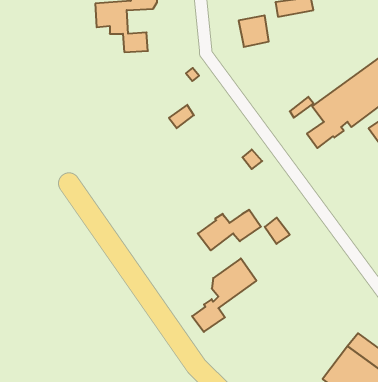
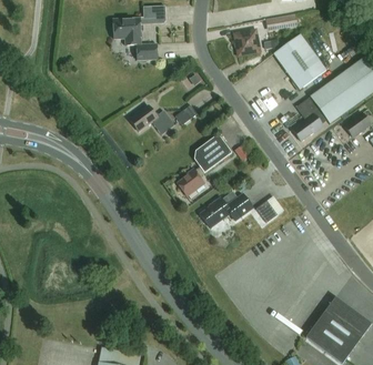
building: none -> [273,33,326,89]
building: none -> [130,104,175,134]
building: [192,258,256,332] -> [178,133,232,195]

